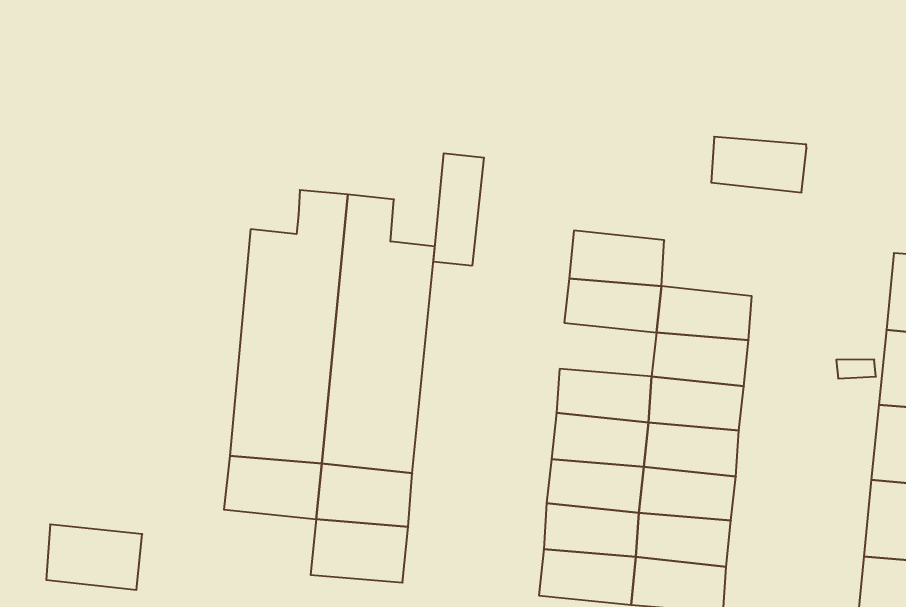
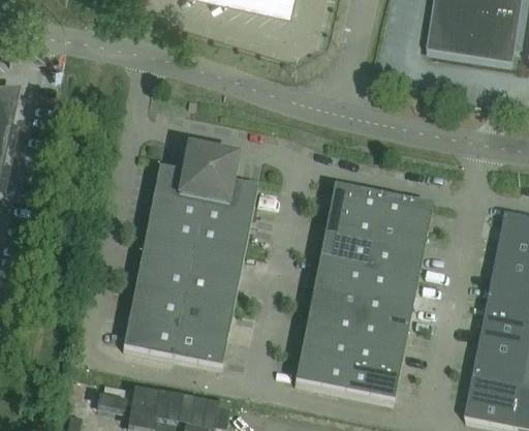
building: [711,137,807,192] -> [379,193,433,228]
building: [433,153,484,266] -> none
building: none -> [319,233,374,267]
building: [46,524,142,590] -> [124,315,179,356]

